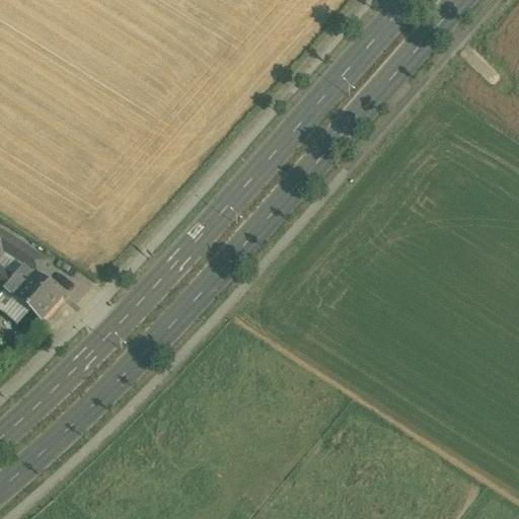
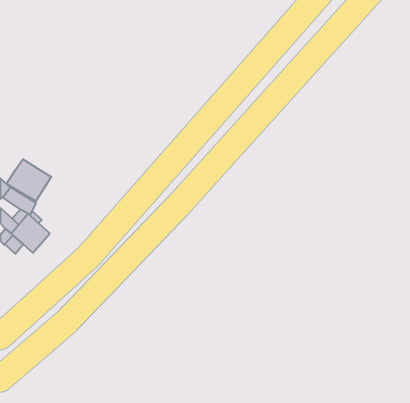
building: none -> [7,159,51,201]

